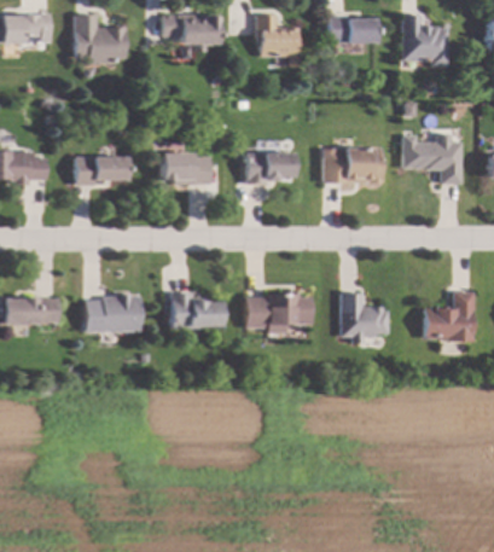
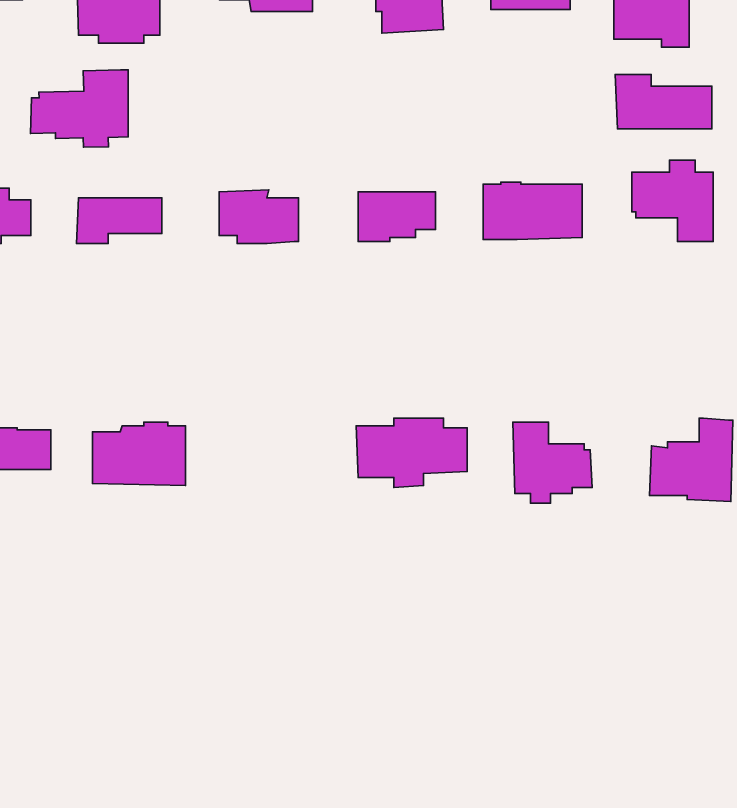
building: none -> [30,70,128,147]
building: none -> [615,74,712,129]
building: [170,292,222,327] -> none

